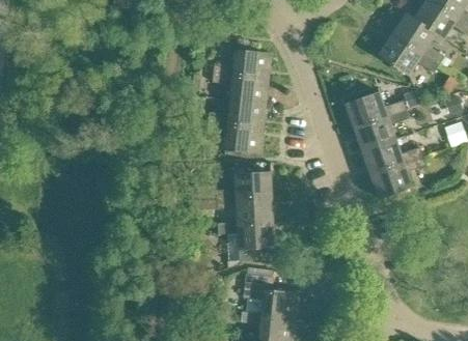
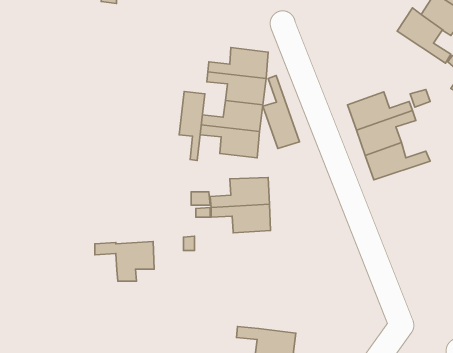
building: [379,34,438,75] -> none
building: none -> [263,76,300,149]
building: none -> [179,92,205,161]
building: [370,157,426,198] -> none
building: [218,222,274,259] -> [95,242,154,281]
building: [243,274,300,318] -> none

